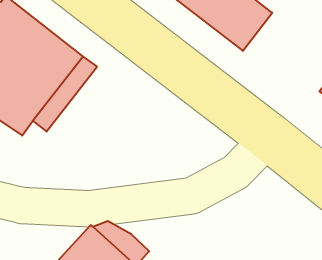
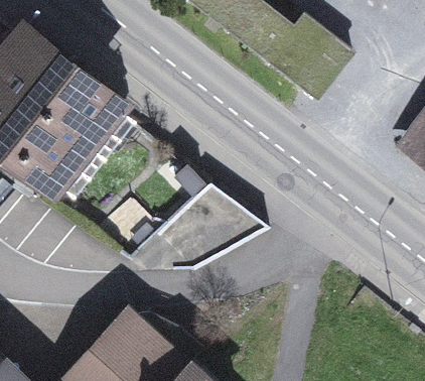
building: none -> [157,181,269,269]

